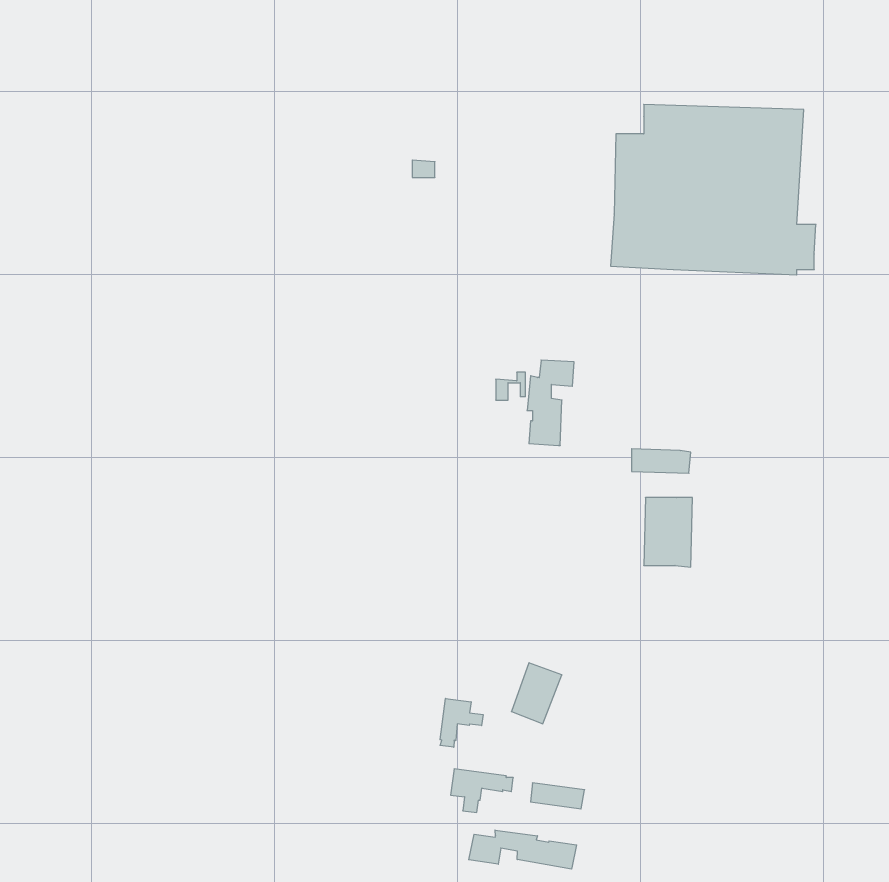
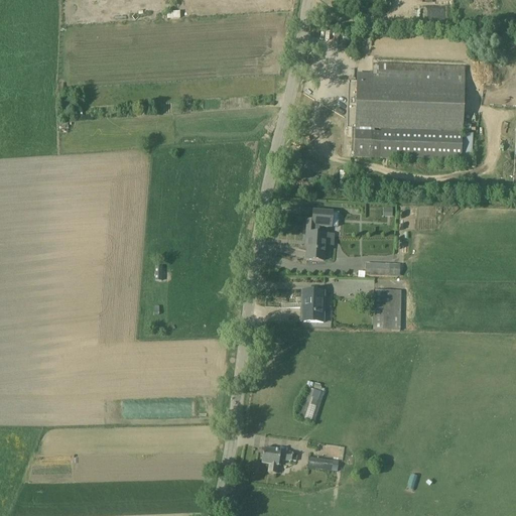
building: none -> [301,288,324,320]
building: [440,698,483,747] -> none
building: [469,830,577,869] -> none

